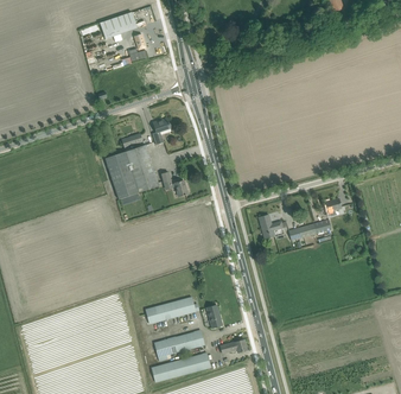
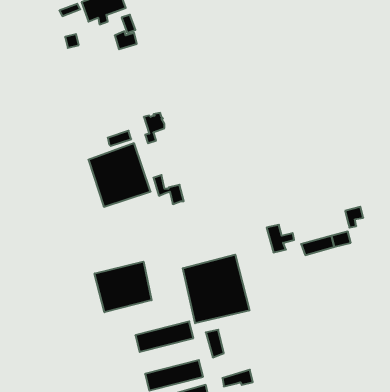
building: none -> [183,255,249,323]
building: none -> [95,262,152,312]

